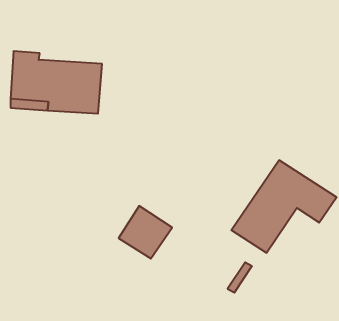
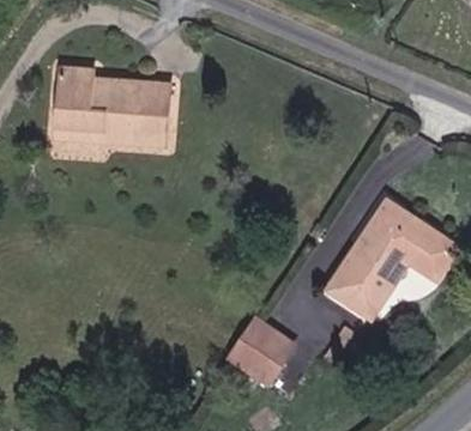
building: [119,206,172,259] -> [227,318,292,383]

